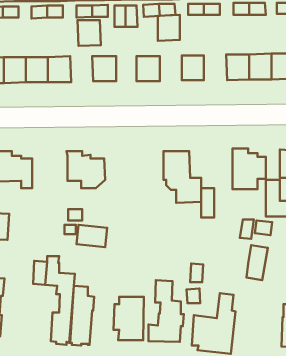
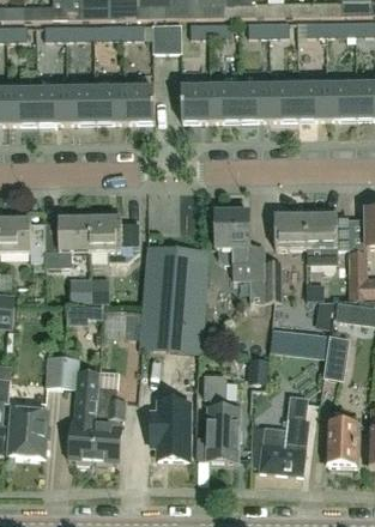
building: [158,15,180,41] -> [210,87,238,121]
building: [78,20,101,46] -> [93,89,123,122]
building: none -> [267,86,297,120]
building: none -> [273,214,304,247]
building: none -> [44,218,90,266]
building: none -> [141,246,206,352]
building: none -> [268,327,328,358]
building: none -> [323,405,357,466]
building: none -> [8,407,48,456]

